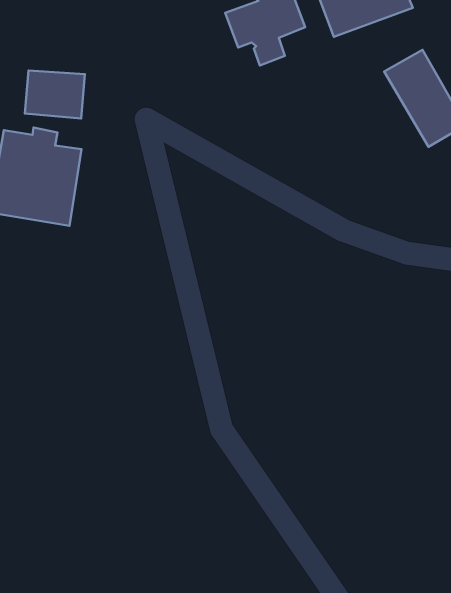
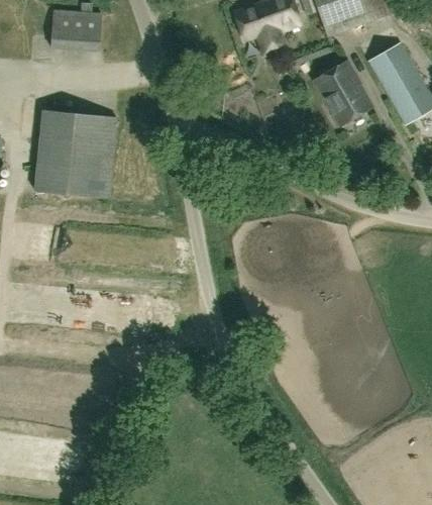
building: [25,70,85,118] -> [50,11,101,52]
building: none -> [315,62,370,124]

